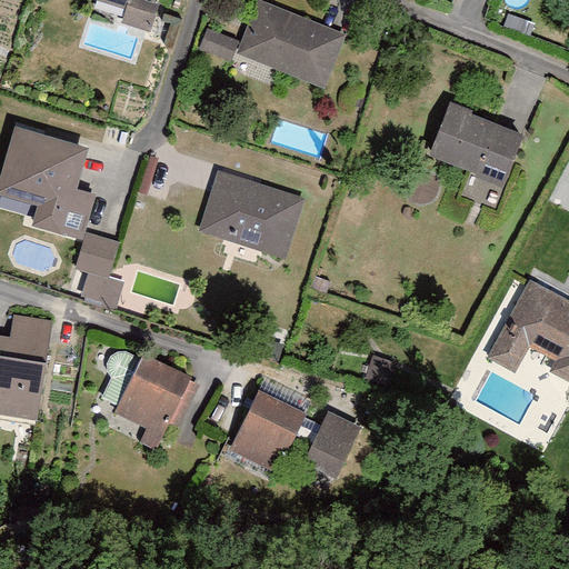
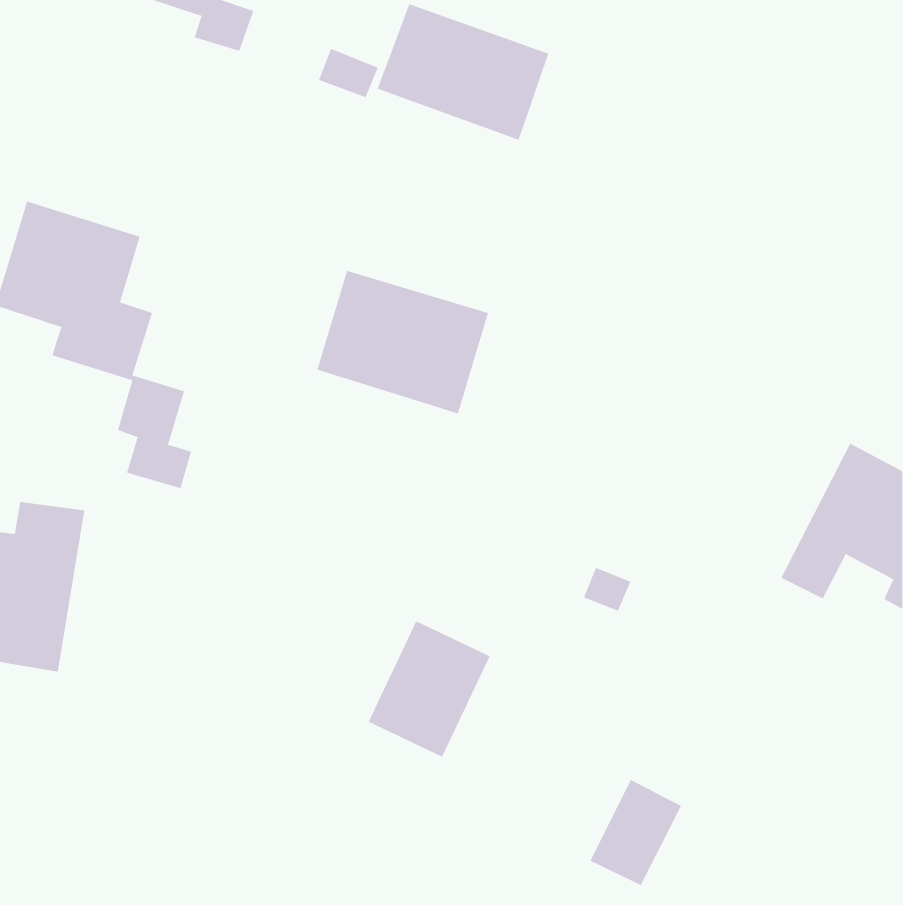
building: [428,102,526,184] -> none
building: [100,350,191,451] -> none
building: [305,409,362,476] -> [590,779,682,886]

